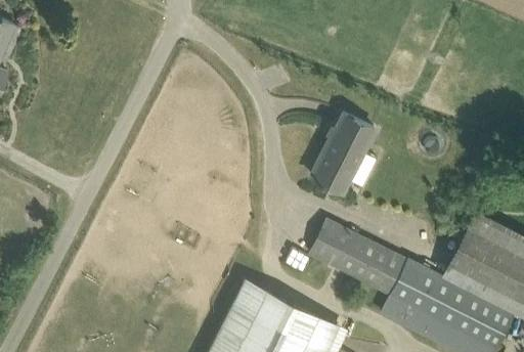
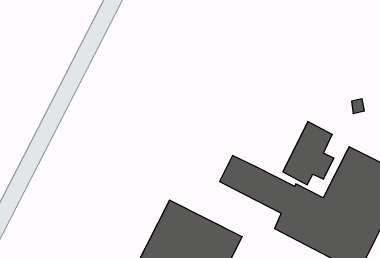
building: [312,114,377,193] -> [283,122,334,185]

